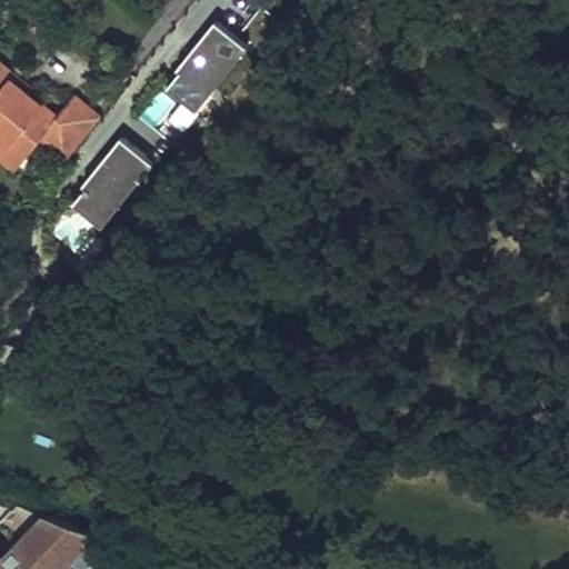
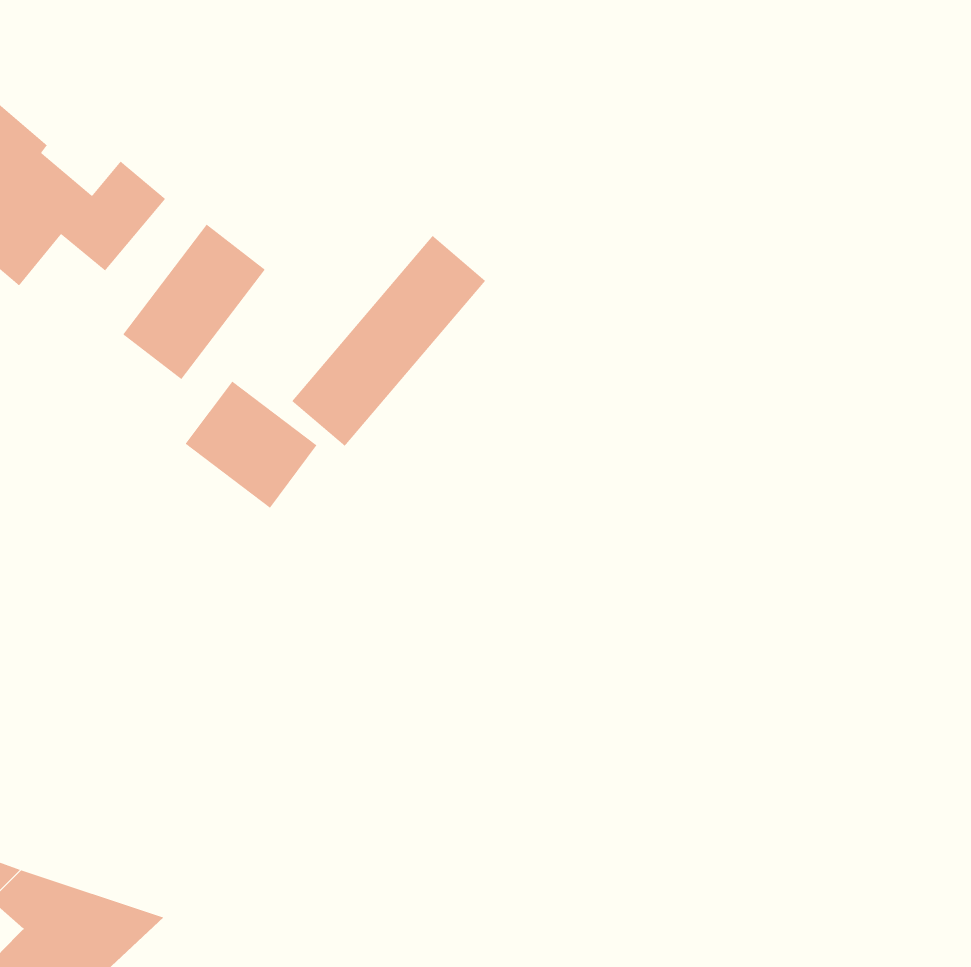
building: [136,21,249,144] -> [291,235,486,447]
building: none -> [185,380,318,509]

